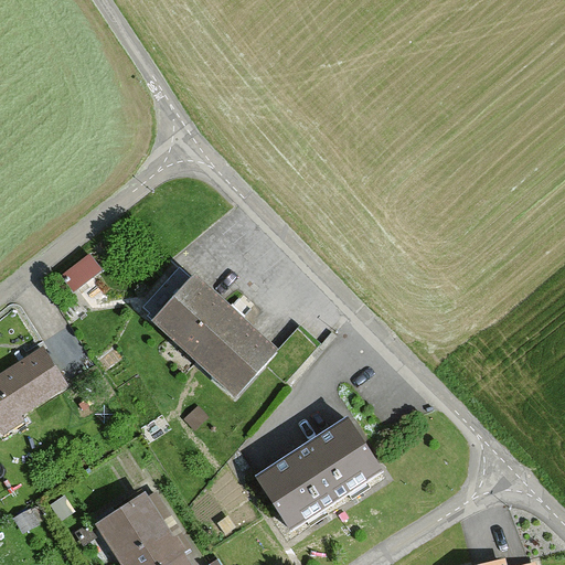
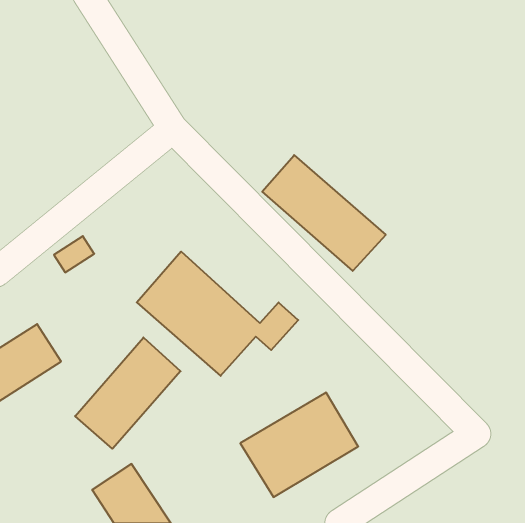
building: none -> [262,155,386,271]
building: none -> [75,337,181,449]

